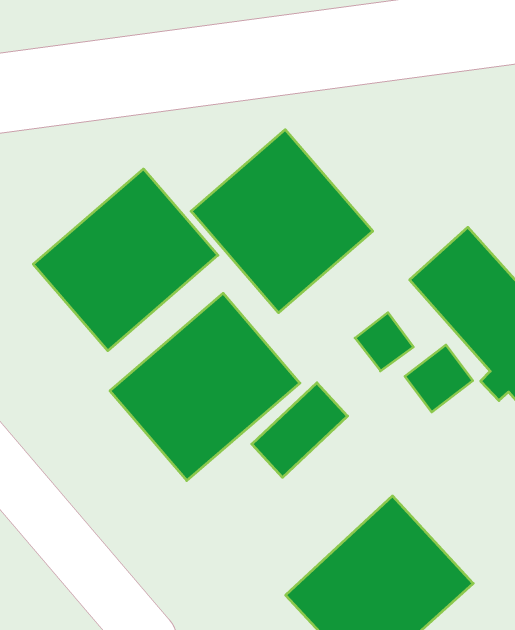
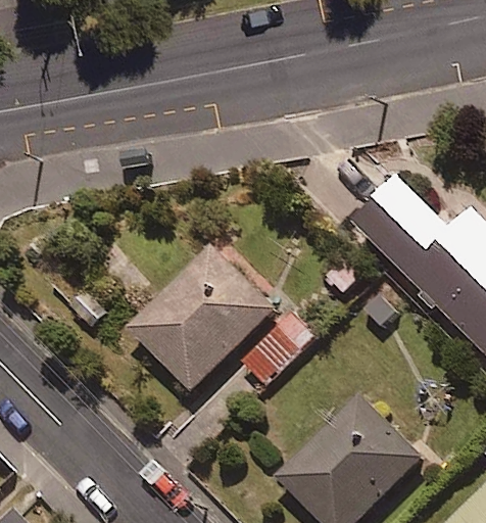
building: [191,130,373,313] -> none
building: [33,169,218,351] -> none

